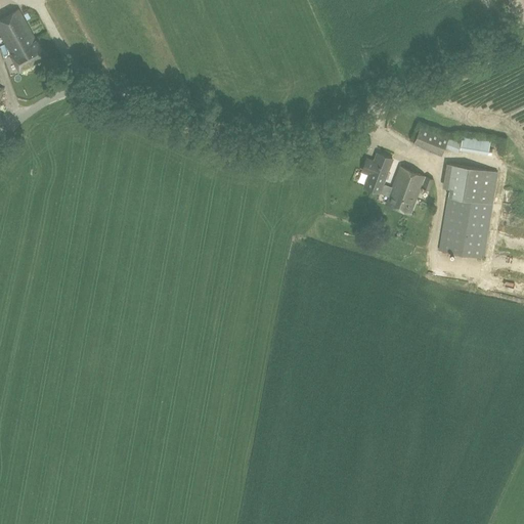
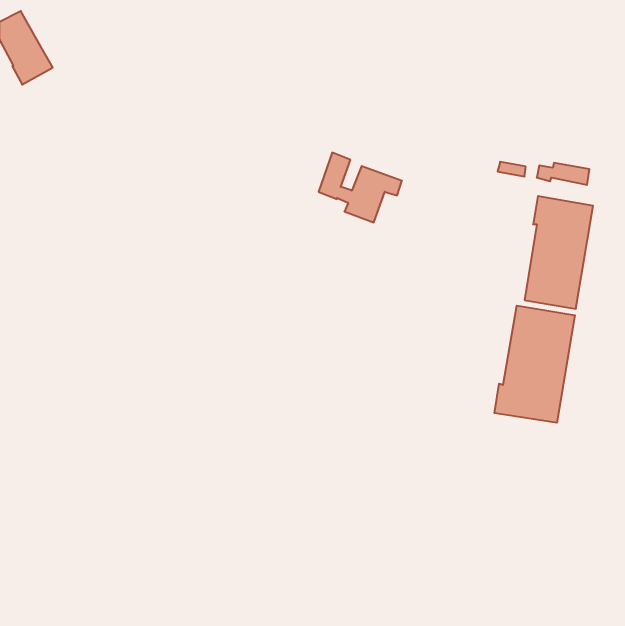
building: [363,155,433,213] -> [319,153,402,222]
building: none -> [494,306,575,423]

